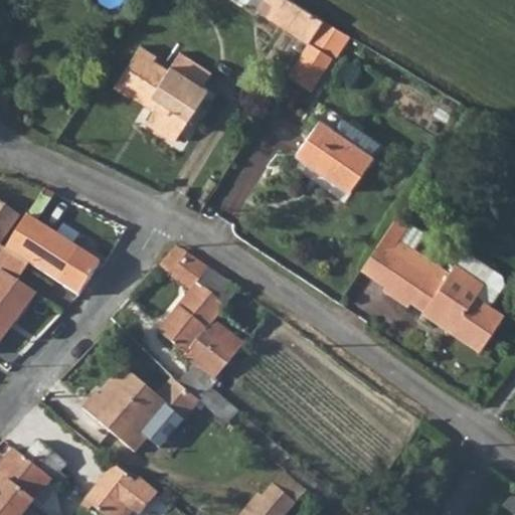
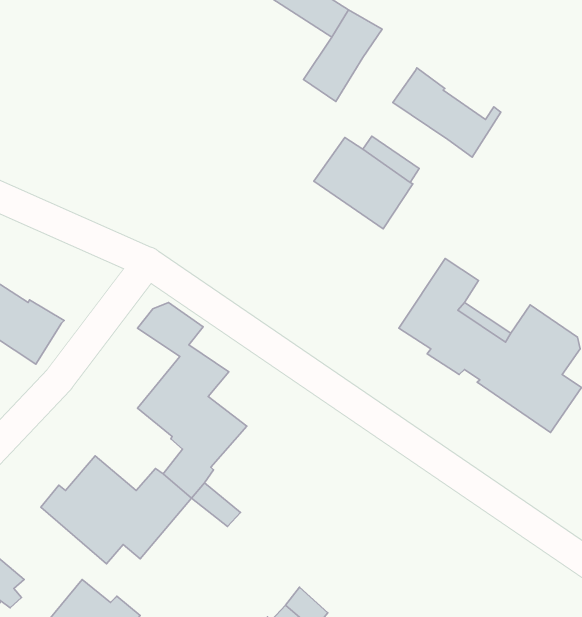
building: [112,44,211,142] -> none
building: none -> [393,68,501,157]

